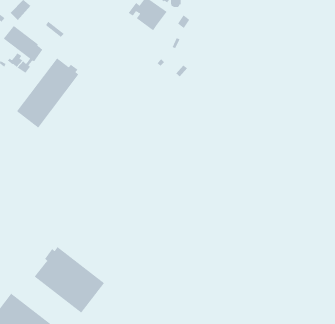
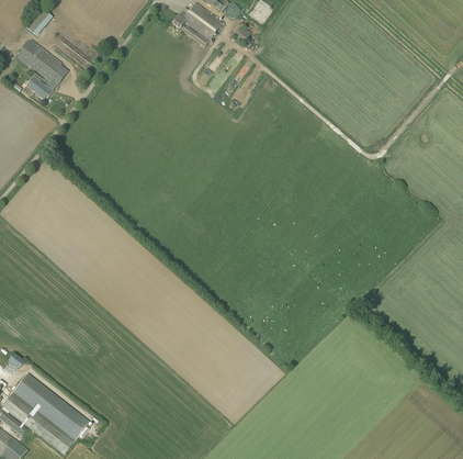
building: [16,57,79,128] -> none
building: [34,246,105,313] -> none

